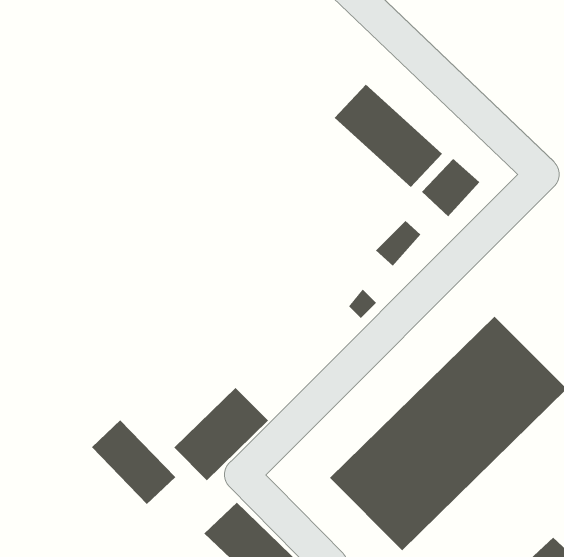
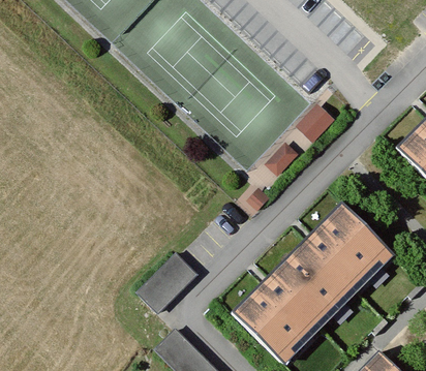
building: [334,84,443,188] -> none
building: [91,420,176,505] -> none

